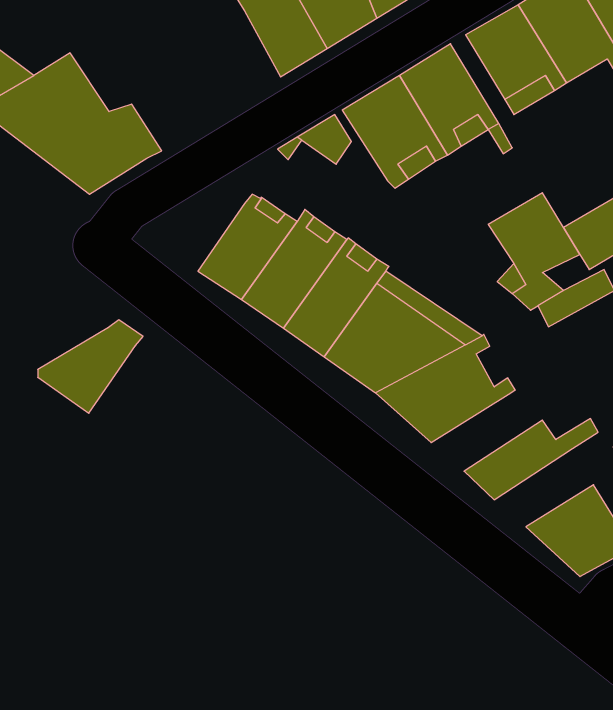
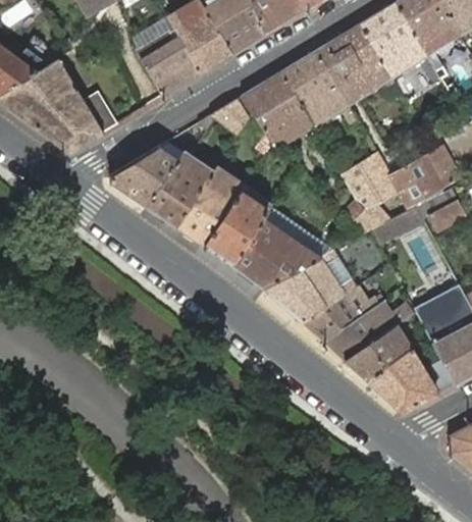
building: none -> [137,27,200,96]
building: [38,320,143,413] -> [109,141,180,204]
building: none -> [302,286,380,340]
building: none -> [345,324,412,377]

